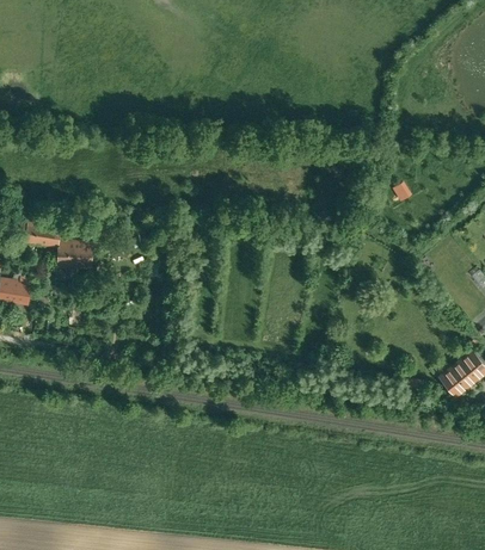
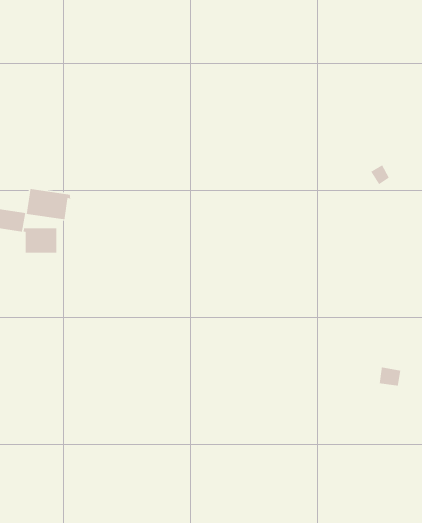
building: none -> [26,188,71,220]

